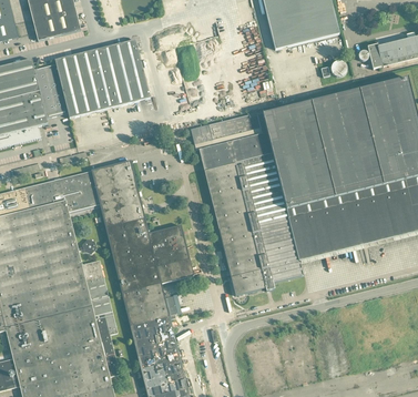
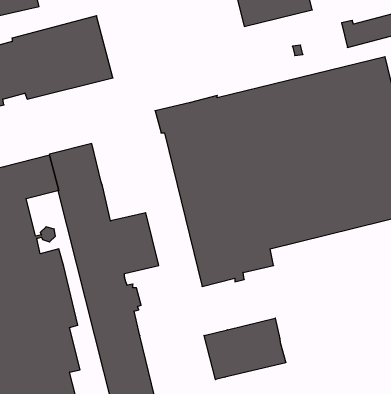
building: none -> [204,318,286,380]

